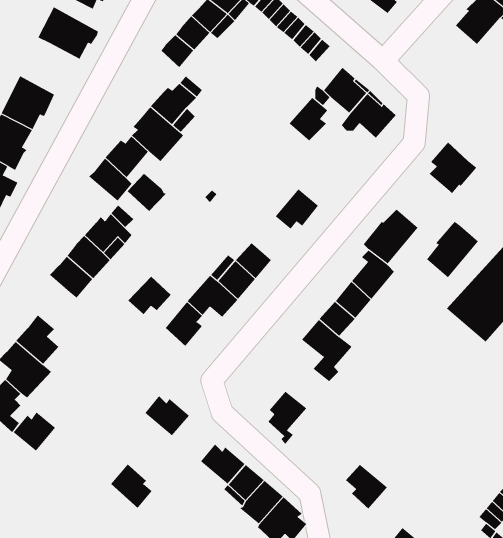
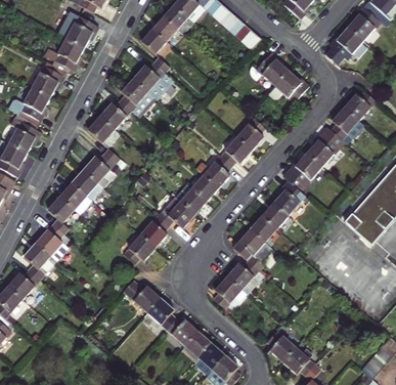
building: none -> [328,25,361,56]
building: none -> [38,37,84,76]
building: [289,97,328,141] -> [236,120,264,151]
building: none -> [341,88,373,119]
building: [127,173,167,212] -> none
building: none -> [195,158,231,188]
building: [426,221,479,278] -> [305,126,342,166]
building: none -> [50,199,77,237]
building: [128,276,172,315] -> [127,236,158,263]
building: none -> [227,264,263,296]
building: [13,411,56,451] -> none
building: [110,463,153,509] -> [148,297,178,329]
building: none -> [285,347,318,375]

